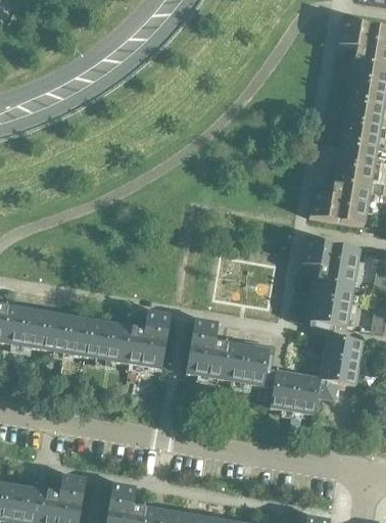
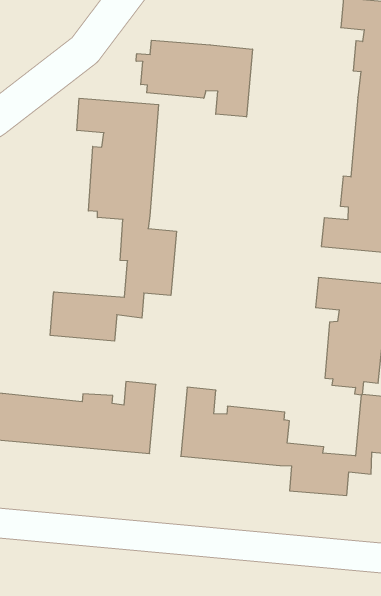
building: none -> [136,40,252,117]
building: none -> [50,98,176,341]

